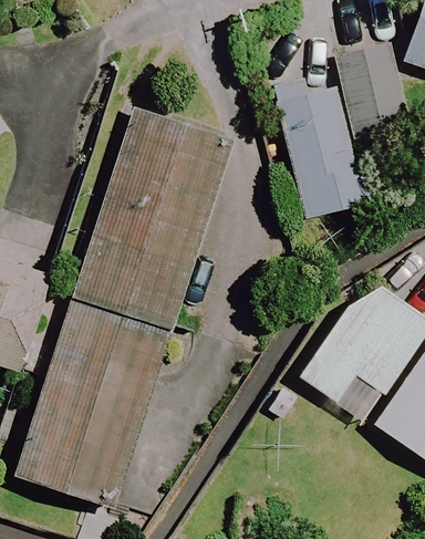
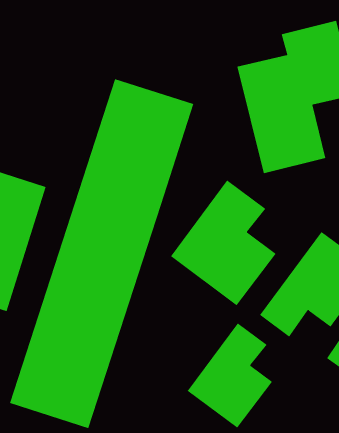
building: none -> [170,180,276,306]
building: none -> [187,322,273,429]

